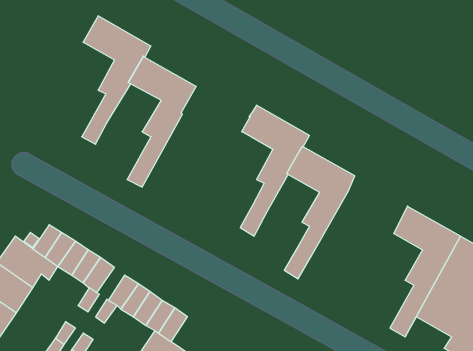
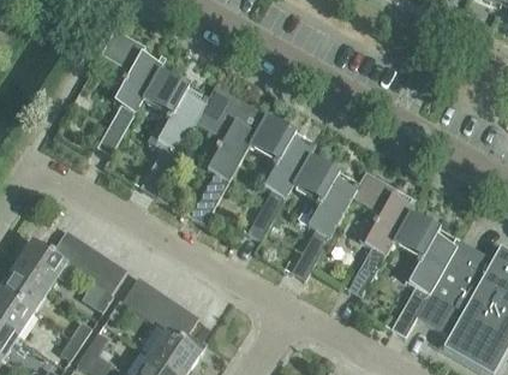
building: none -> [191,85,262,221]
building: none -> [348,171,417,294]

